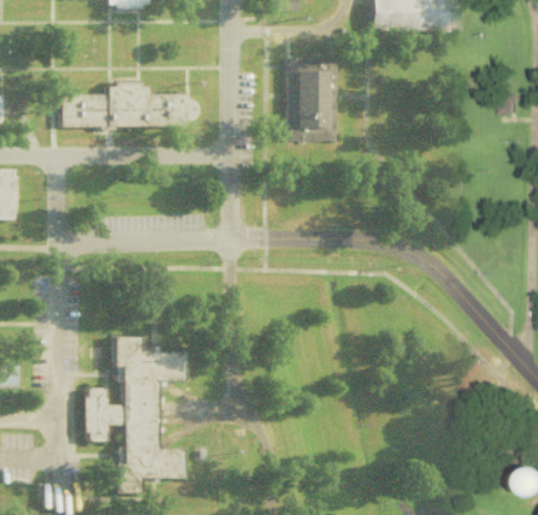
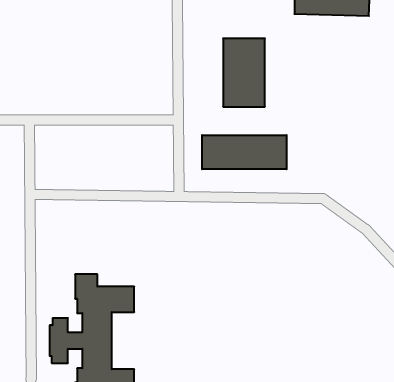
building: [61,81,188,128] -> none
building: none -> [202,135,287,169]

